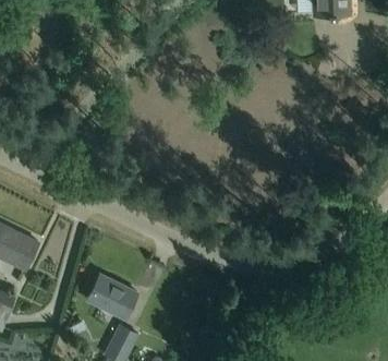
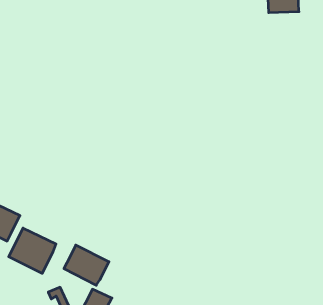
building: none -> [9,228,56,273]

